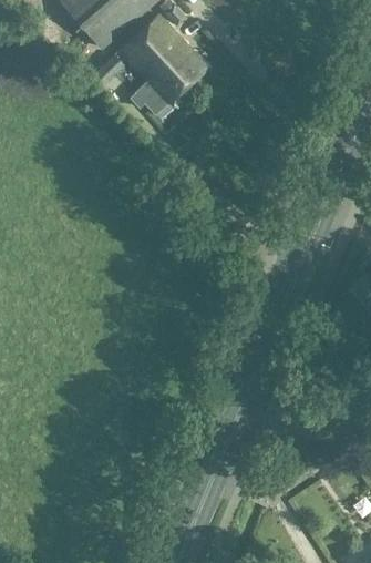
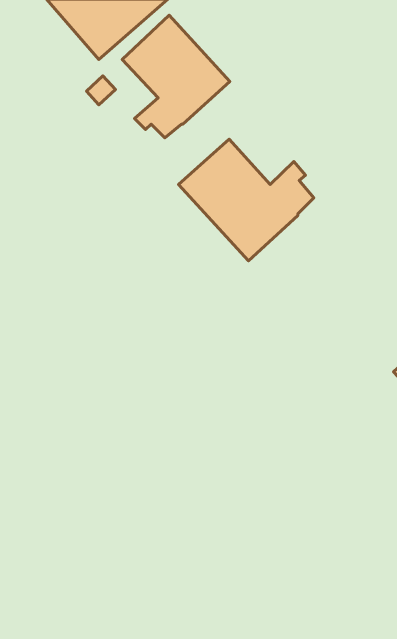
building: none -> [179,139,314,261]

